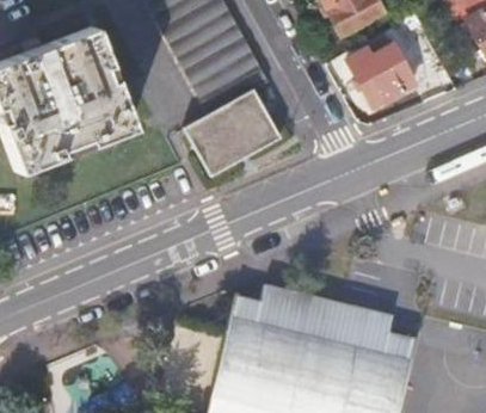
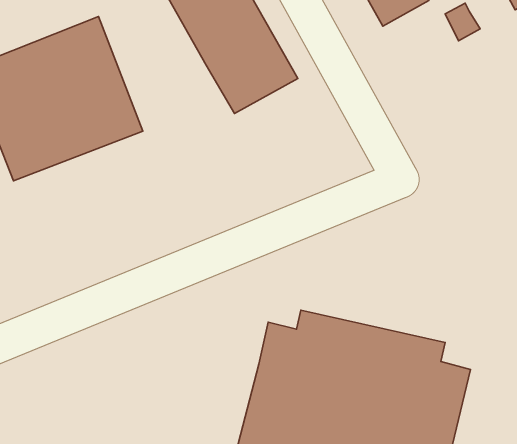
building: [346,39,414,105] -> none
building: [183,80,281,177] -> none

